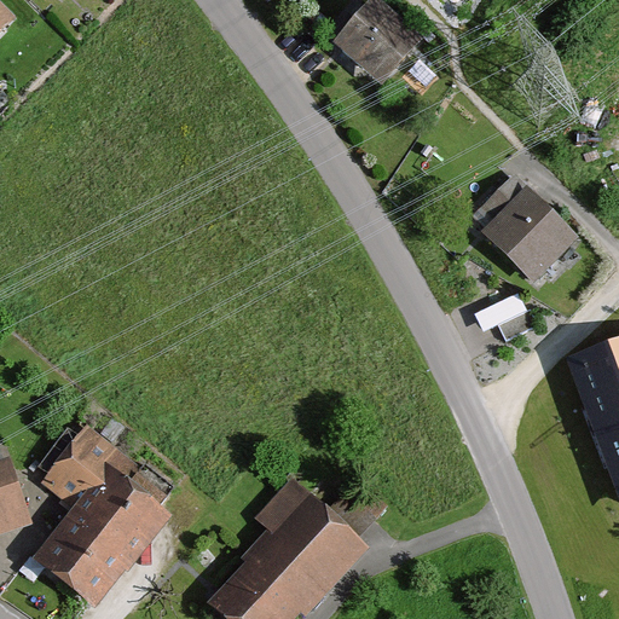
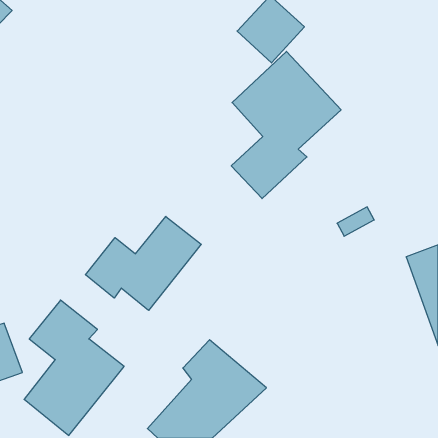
building: none -> [231,51,341,199]
building: [476,181,578,282] -> none
building: none -> [85,216,201,310]

